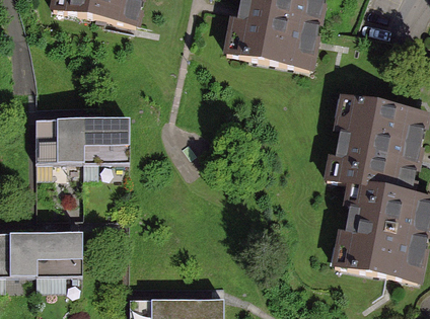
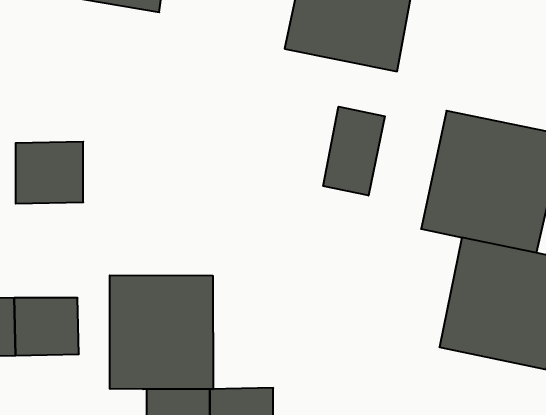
building: none -> [323,107,385,196]
building: [84,119,130,163] -> none
building: none -> [110,275,213,389]

